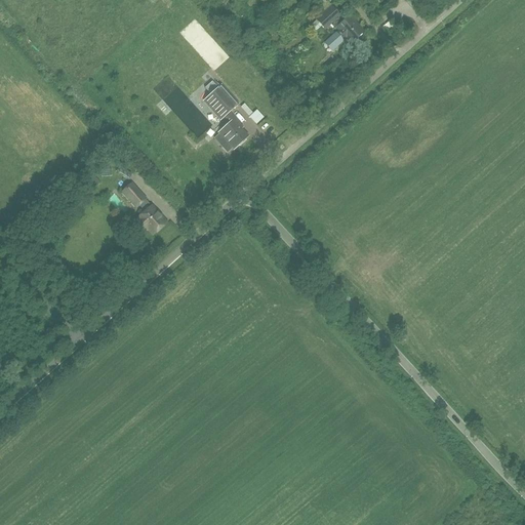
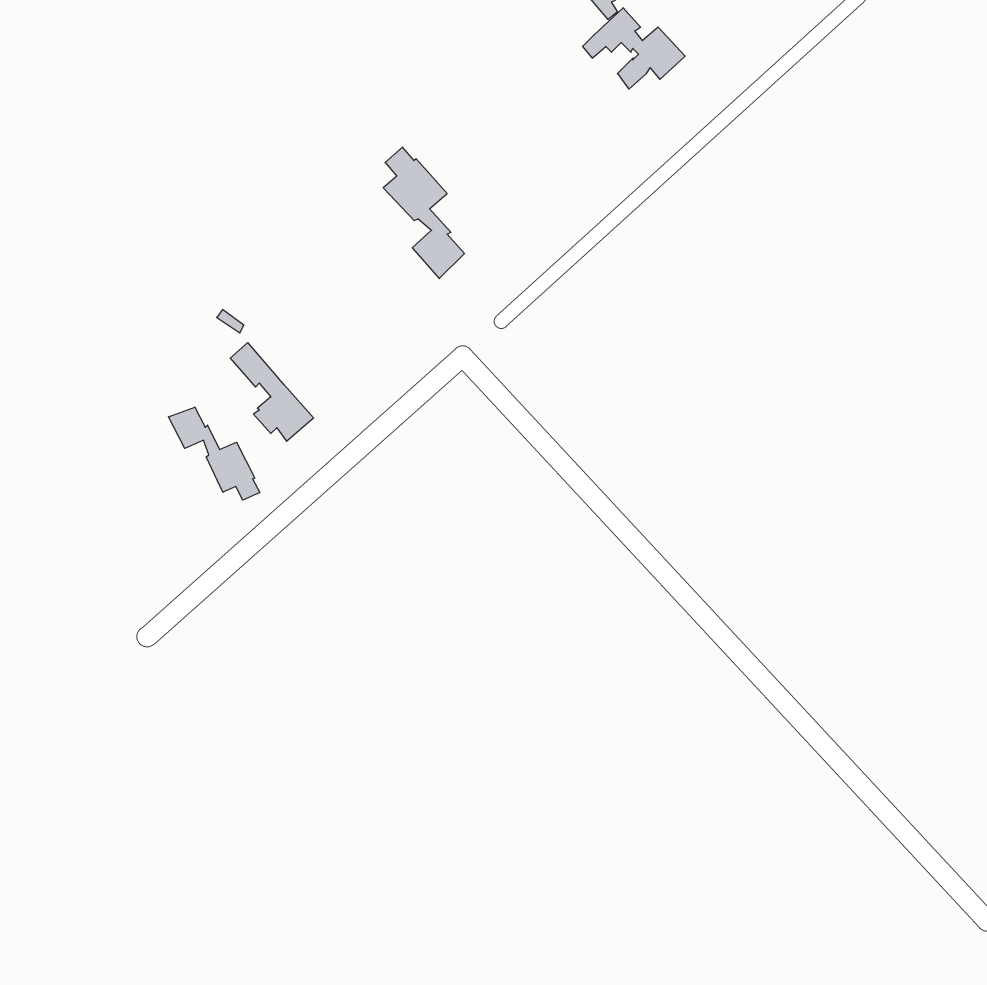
building: none -> [168,407,260,500]

